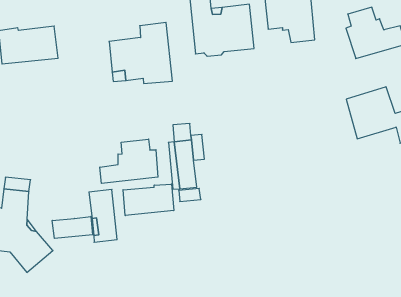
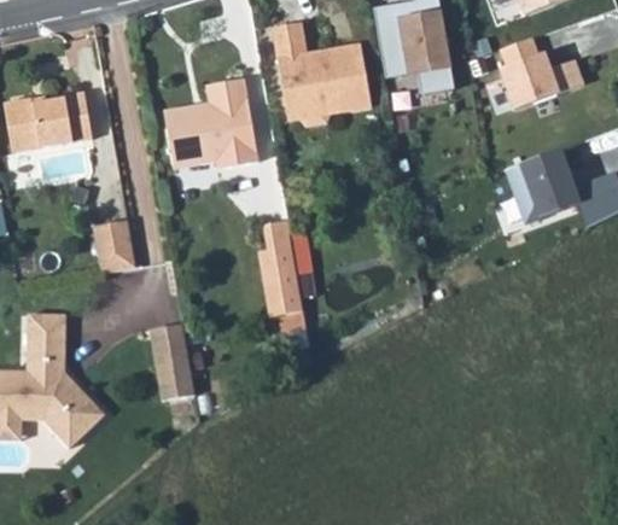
building: none -> [89,217,132,269]
building: [100,139,158,183] -> none
building: [123,184,174,216] -> none
building: [52,216,93,238] -> none

